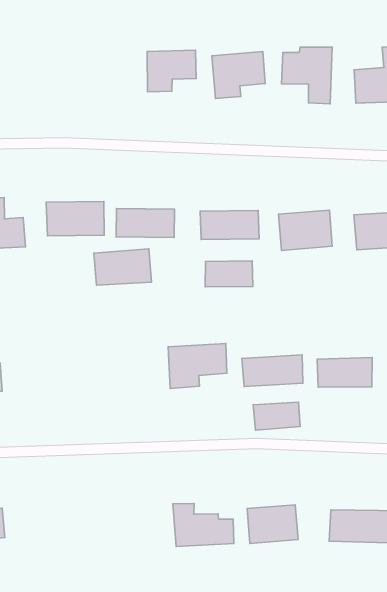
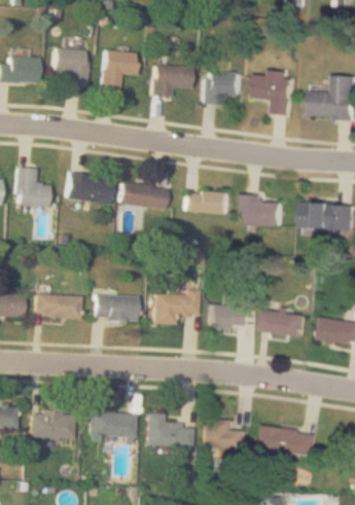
building: none -> [103,50,139,92]
building: none -> [55,48,90,87]
building: [94,249,151,285] -> [95,294,137,320]
building: [205,261,253,287] -> none
building: none -> [36,294,81,319]
building: [253,402,300,430] -> none
building: none -> [90,411,137,437]
building: none -> [32,410,75,438]

